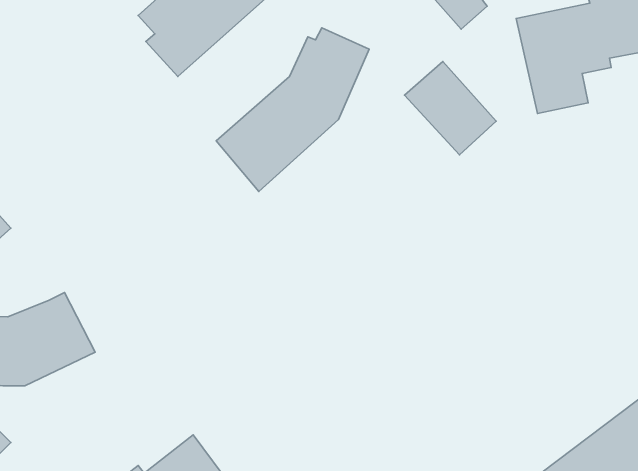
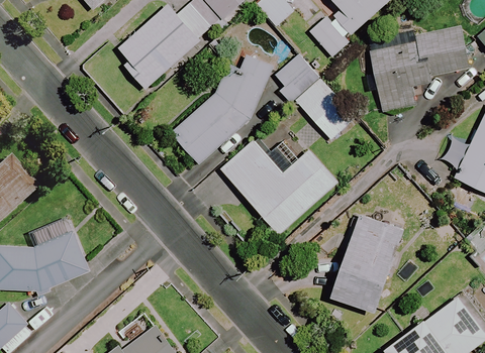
building: none -> [274,55,319,100]
building: none -> [220,140,336,234]
building: none -> [331,213,403,311]

